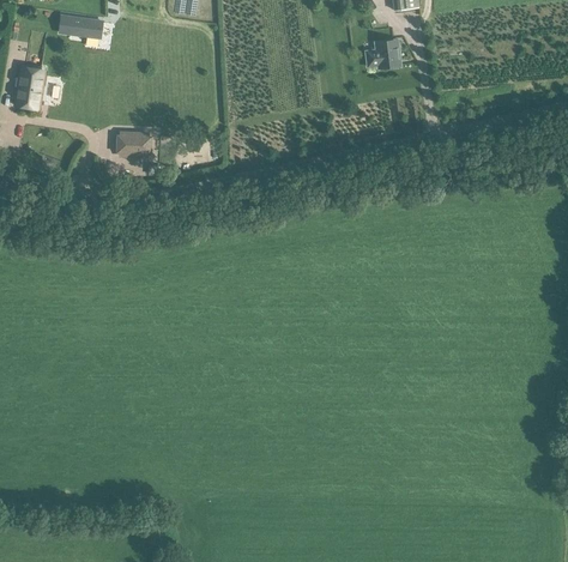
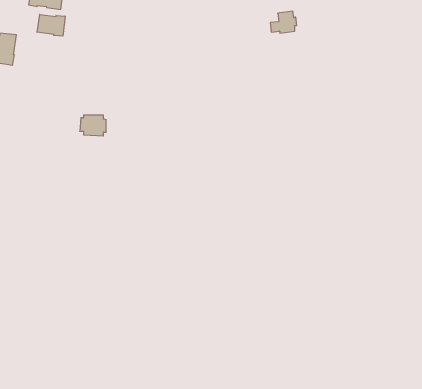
building: none -> [37,14,65,36]
building: [116,132,150,158] -> [80,115,106,136]

